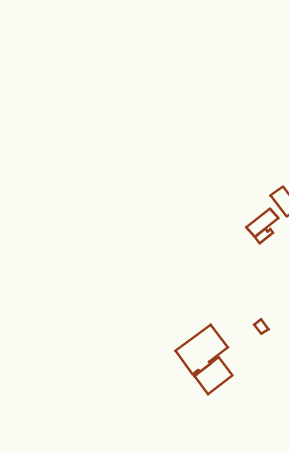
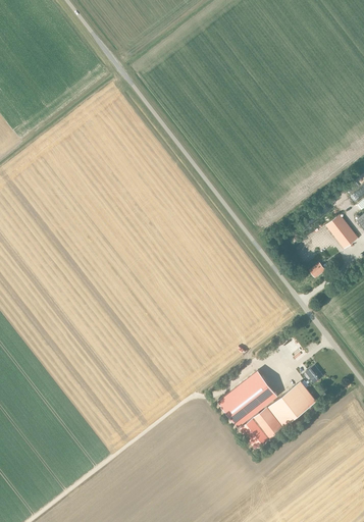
building: [246,209,278,237] -> none
building: none -> [267,380,315,426]

